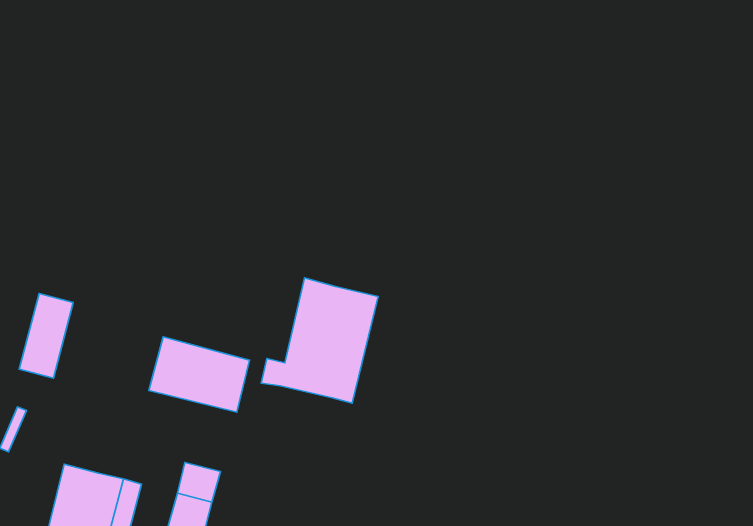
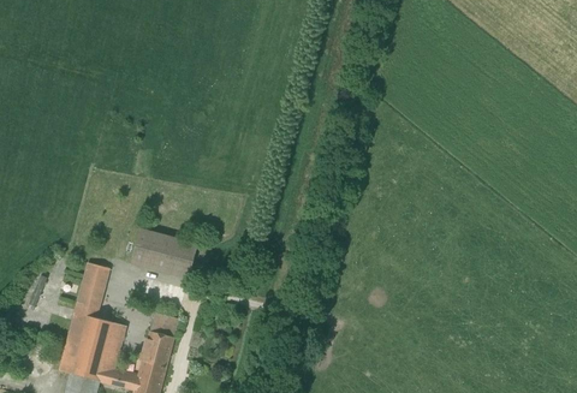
building: [261,278,378,403] -> none
building: [19,294,73,378] -> [73,263,109,320]

